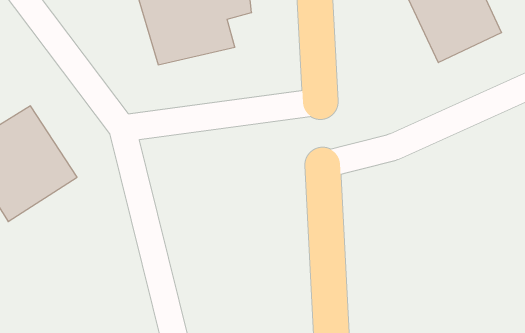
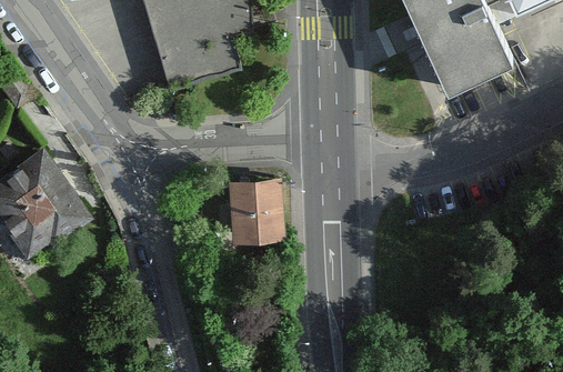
building: none -> [228,182,284,248]

